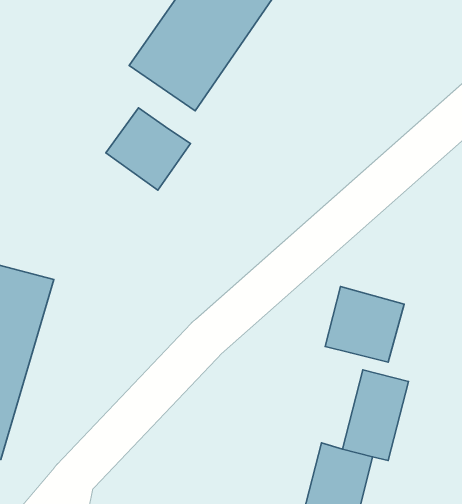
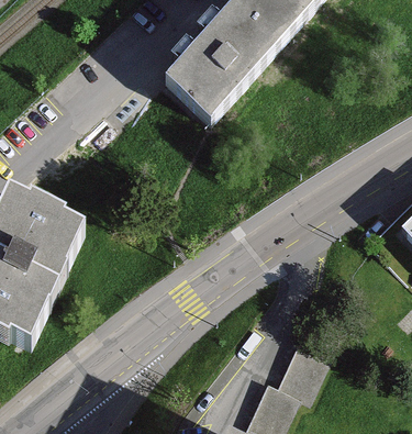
building: [106,108,190,190] -> none
building: [325,286,404,362] -> none

